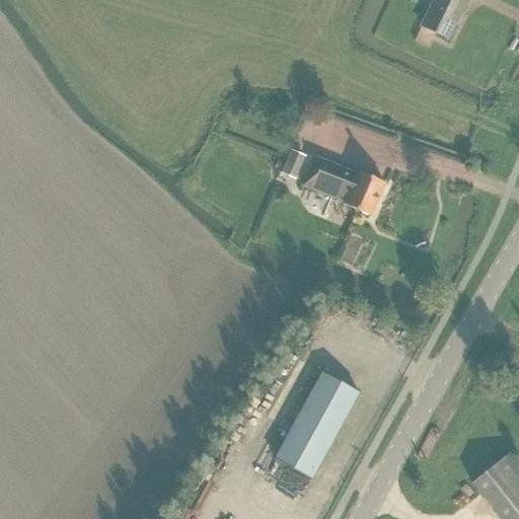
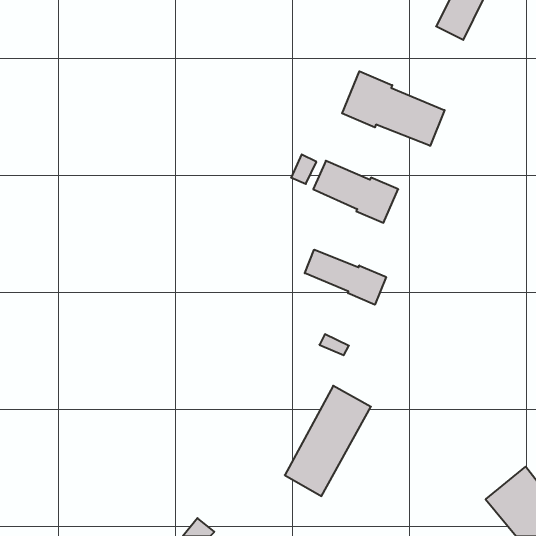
building: none -> [342,71,445,146]
building: none -> [305,250,386,305]

